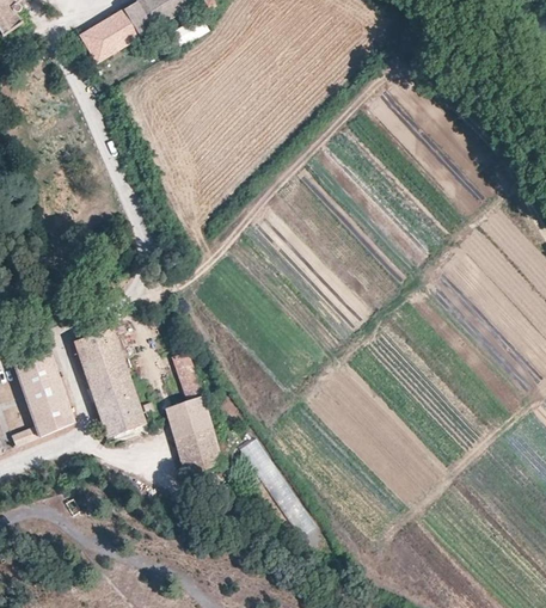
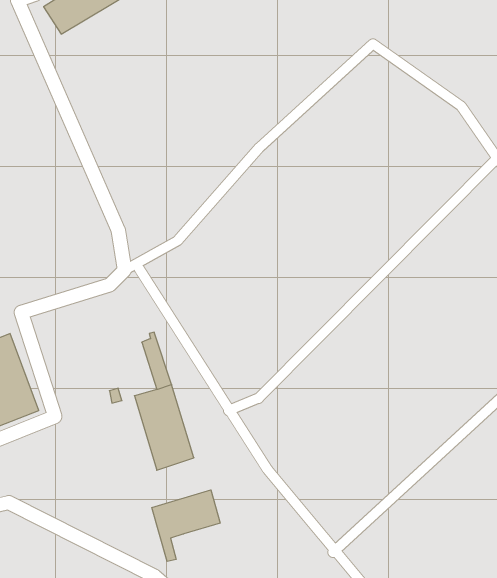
building: [72,326,143,435] -> none
building: none -> [152,490,220,561]

